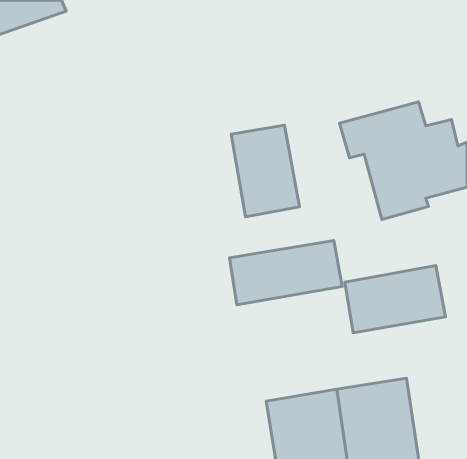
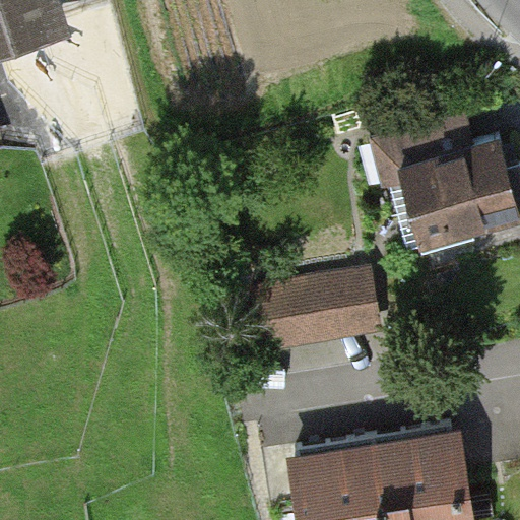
building: [231,125,300,217] -> none
building: [345,265,446,333] -> none

